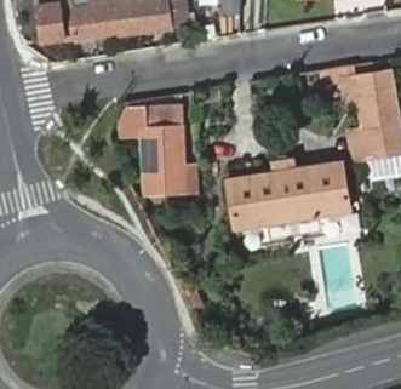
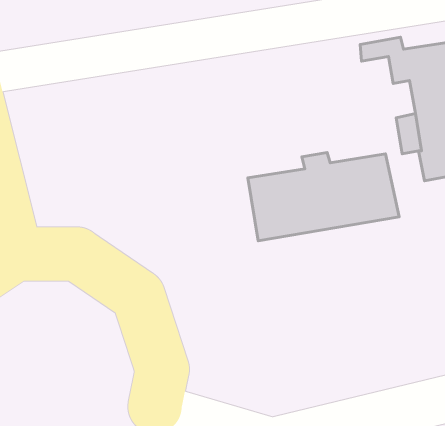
building: [113,104,197,193] -> none

